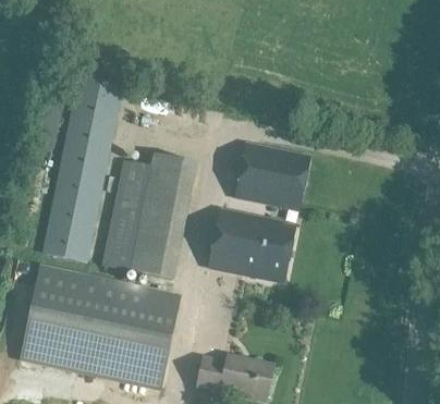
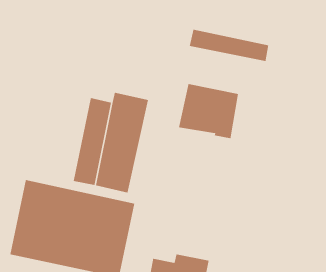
building: none -> [189,29,269,62]
building: [42,82,122,262] -> none
building: [210,210,294,281] -> none

